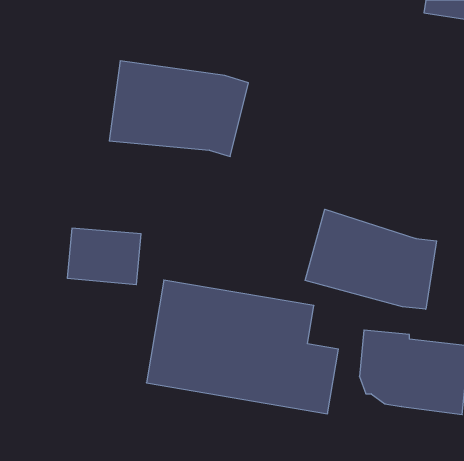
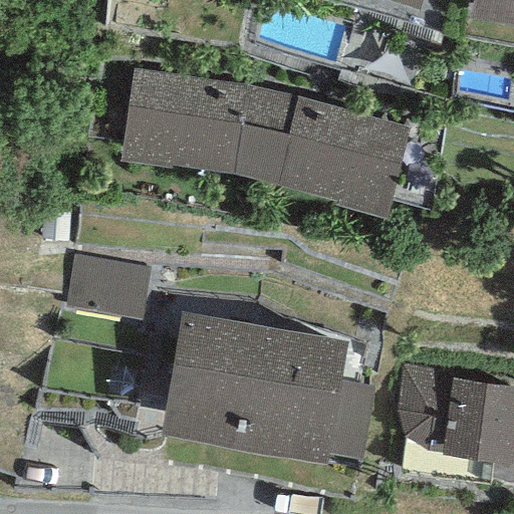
building: none -> [255,95,409,213]
building: [305,209,437,309] -> none

